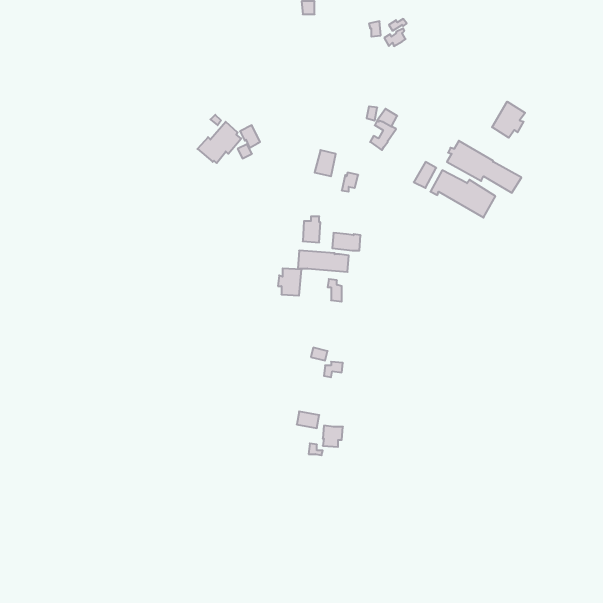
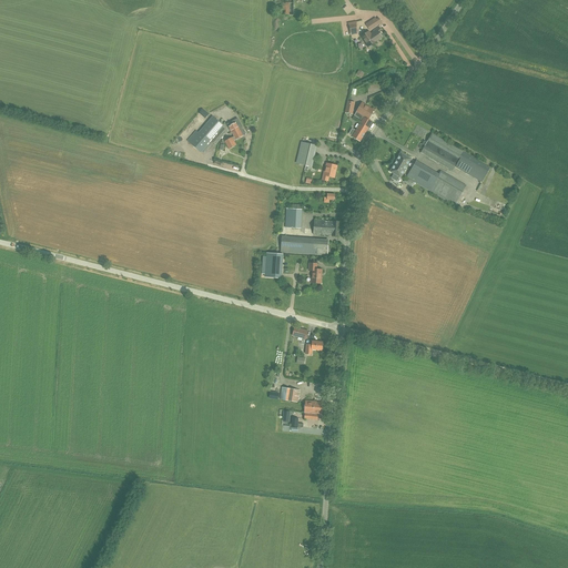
building: [492,102,525,138] -> none

